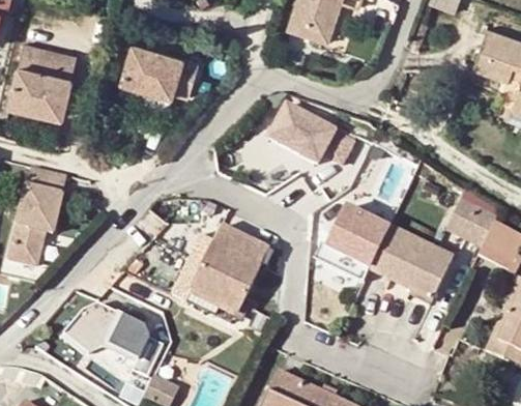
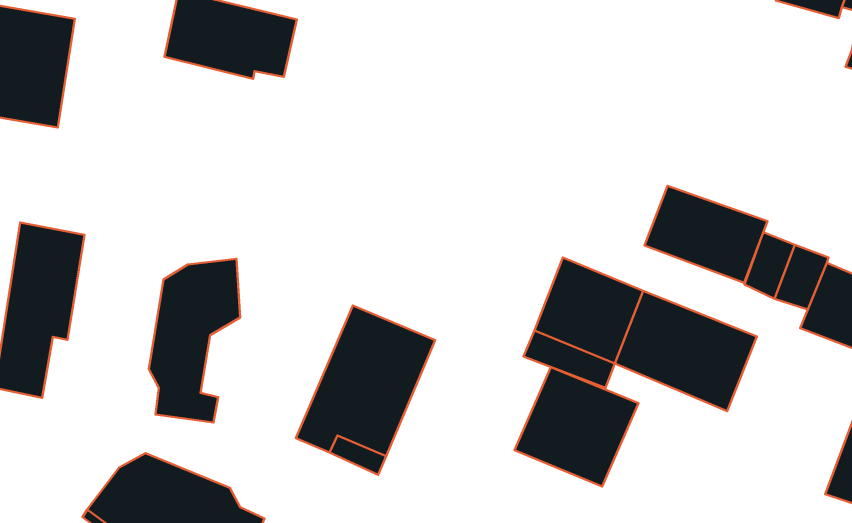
building: [269,107,355,165] -> none
building: none -> [644,186,767,283]
building: none -> [149,259,240,423]
building: none -> [515,367,639,486]

